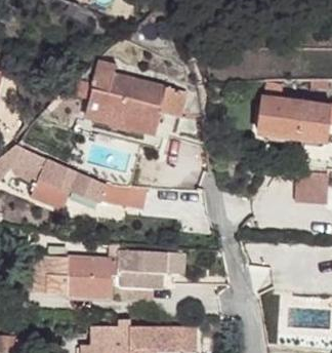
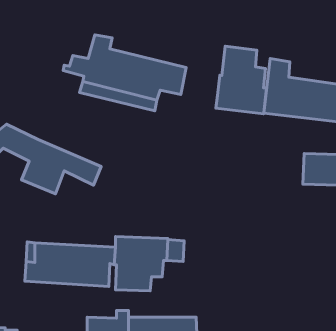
building: none -> [216,46,266,114]
building: [98,182,148,210] -> none

